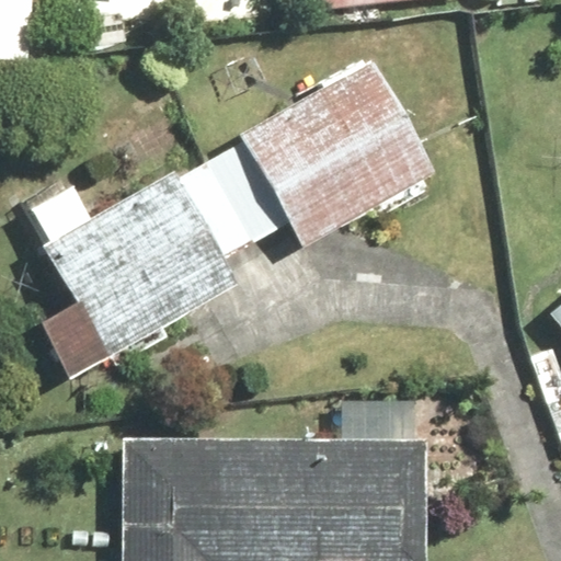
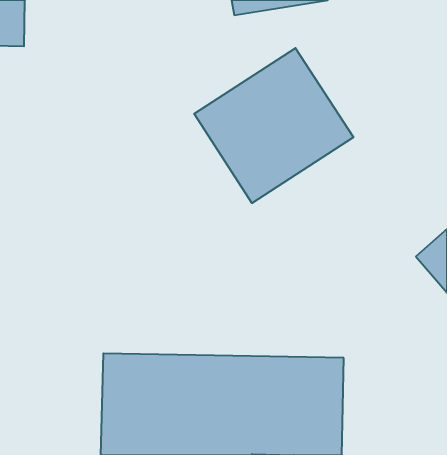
building: [33,171,240,383] -> none

